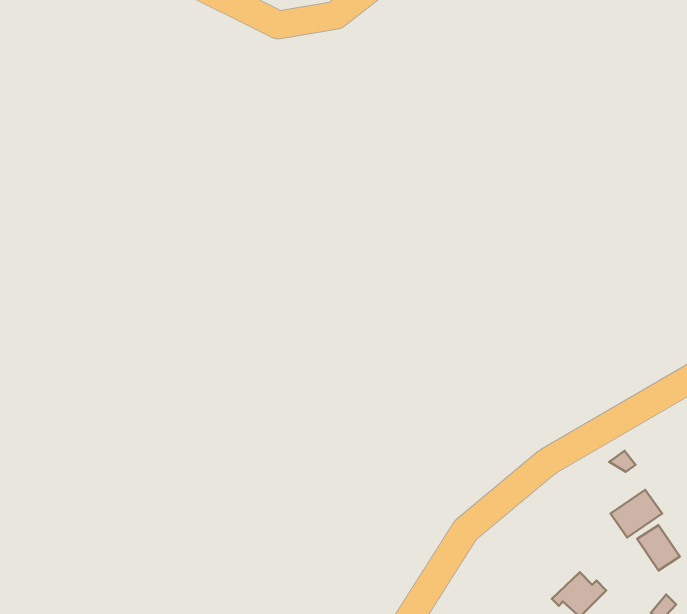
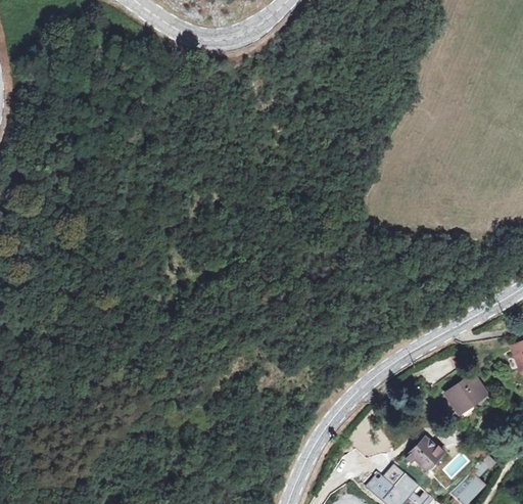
building: [637,525,680,570] -> none

